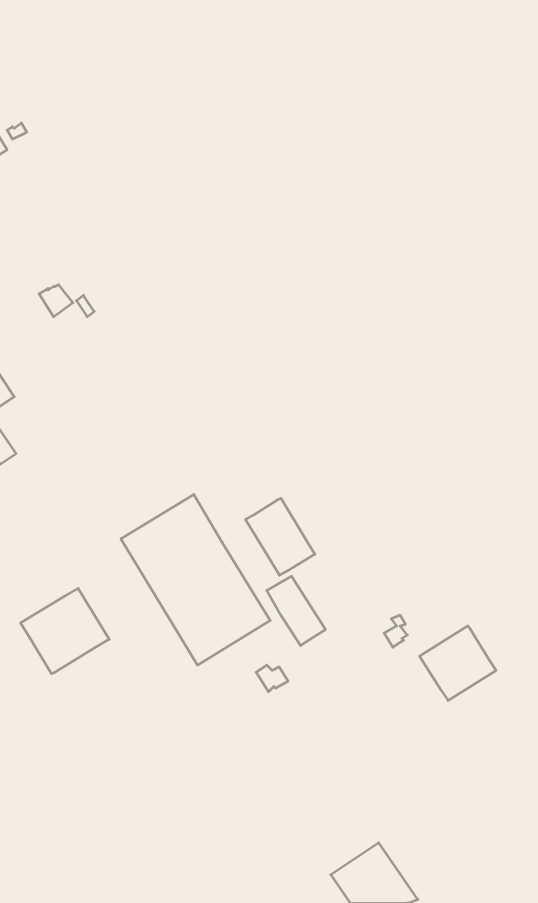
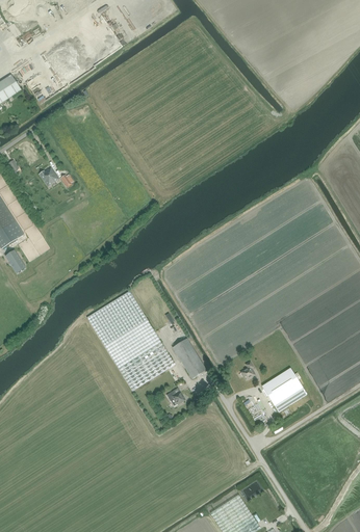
building: [246,498,315,575] -> none
building: [21,588,109,674] -> none

